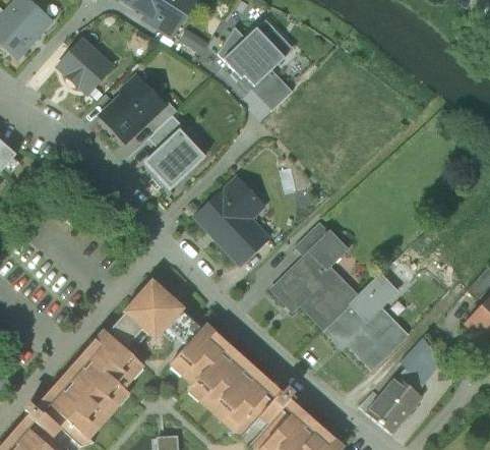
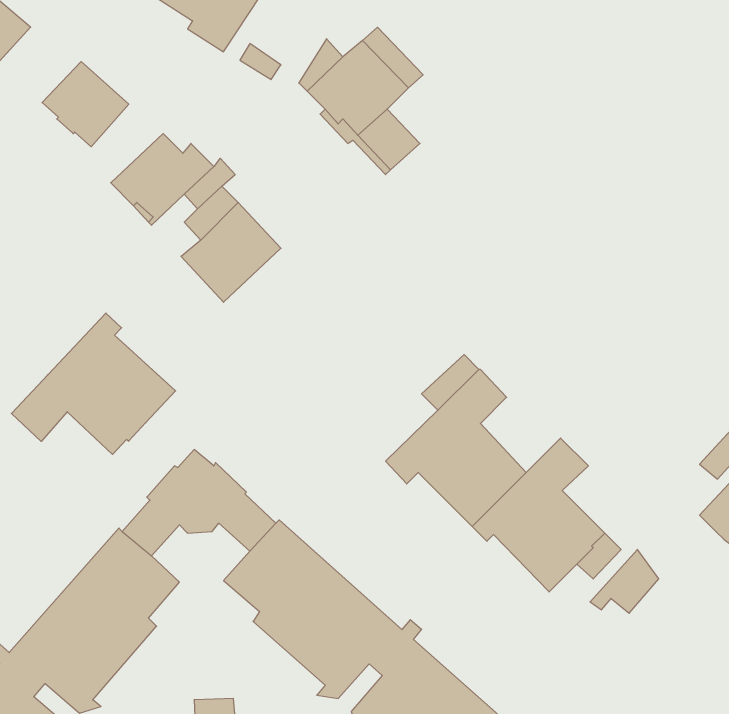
building: [196,178,267,263] -> none
building: none -> [11,313,176,454]
building: [366,375,422,433] -> none

